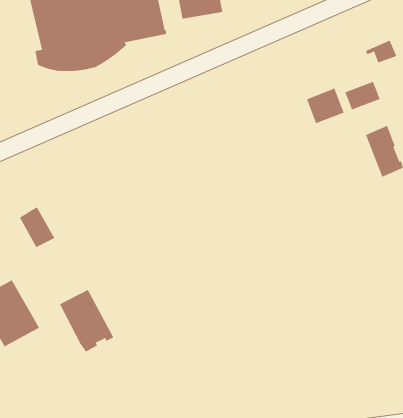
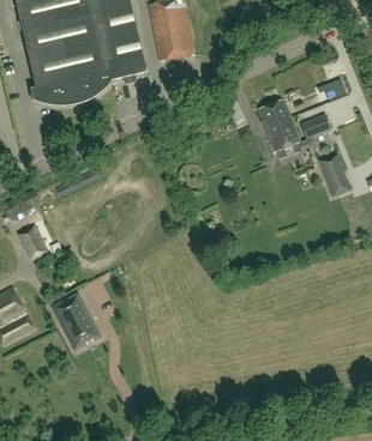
building: none -> [258,98,292,129]

